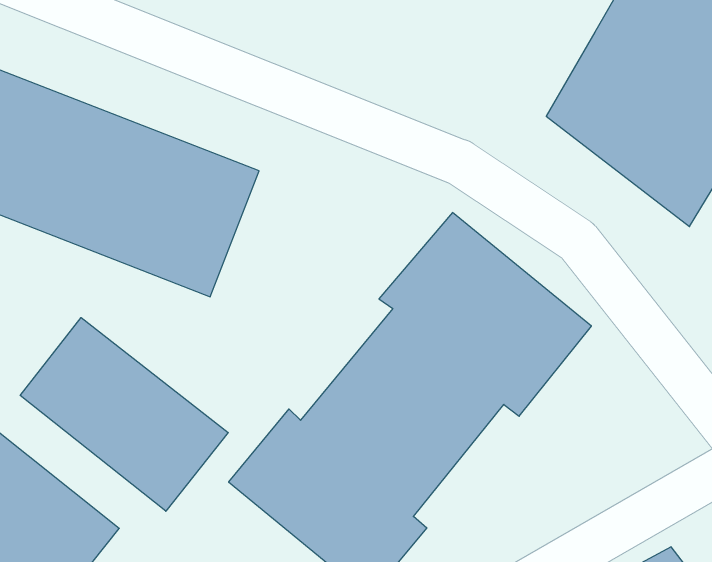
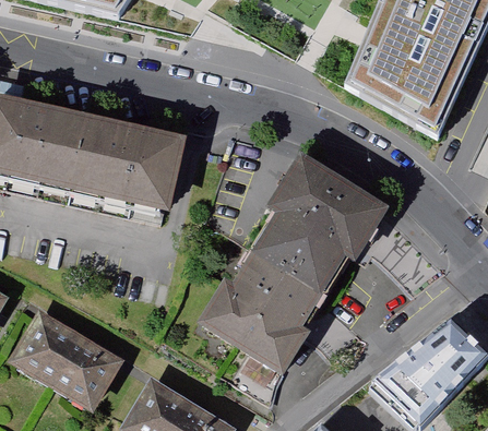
building: [20,318,228,511] -> none

